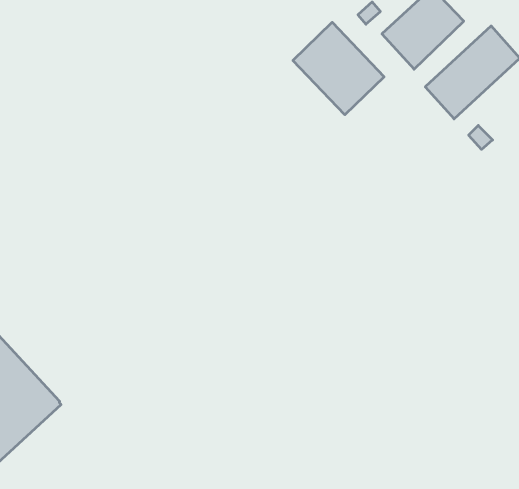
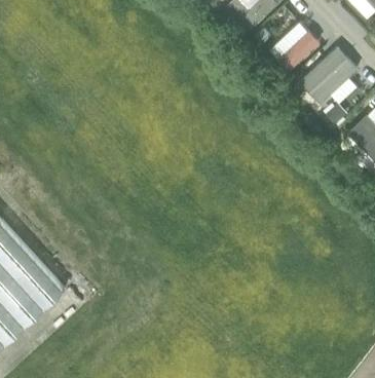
building: [293,22,384,115] -> none

